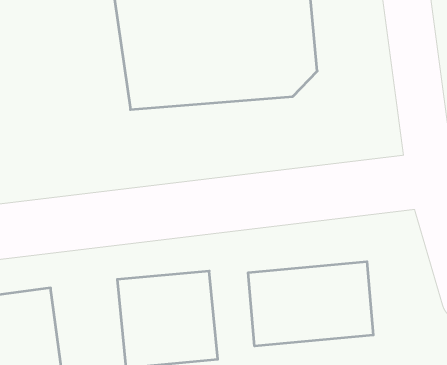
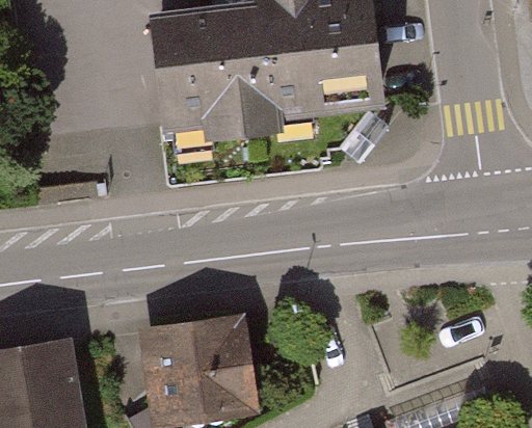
building: [248,262,373,346] -> none

